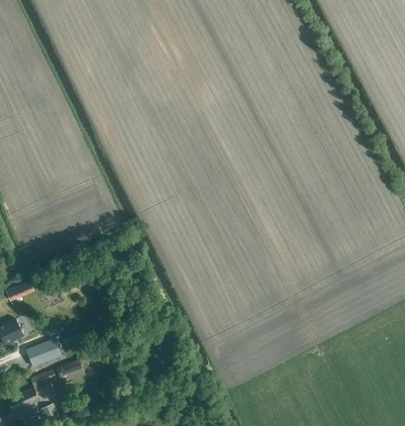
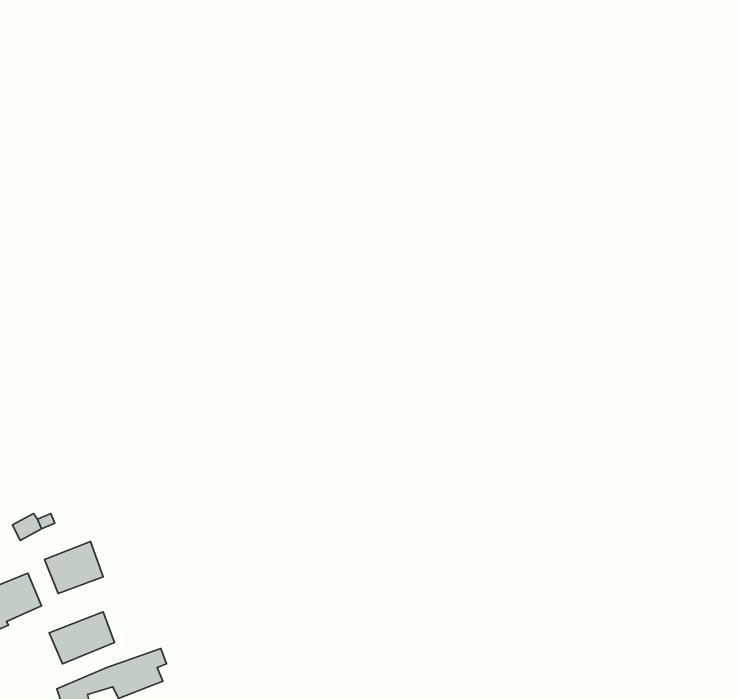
building: none -> [45,542,103,594]

